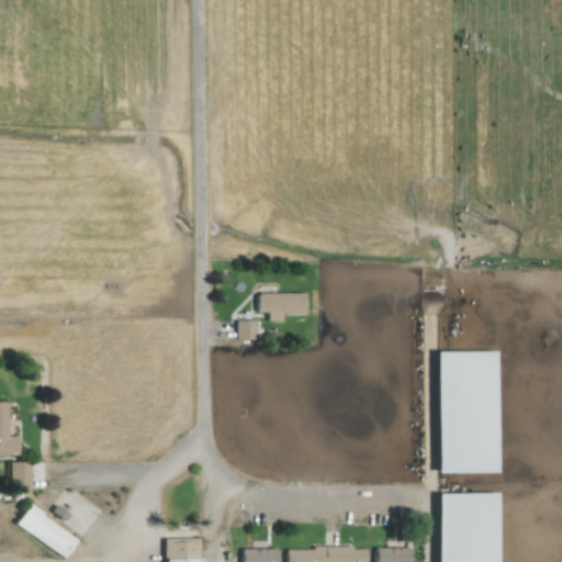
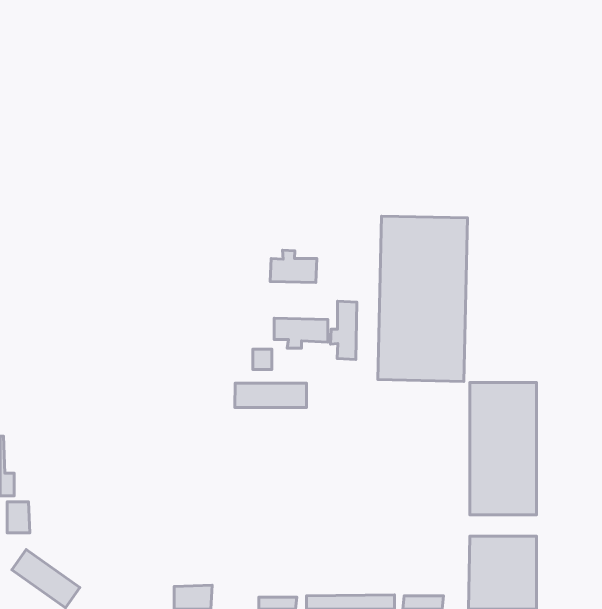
building: none -> [378,216,468,382]
building: none -> [270,250,317,283]
building: none -> [331,301,357,360]
building: none -> [235,383,307,407]

